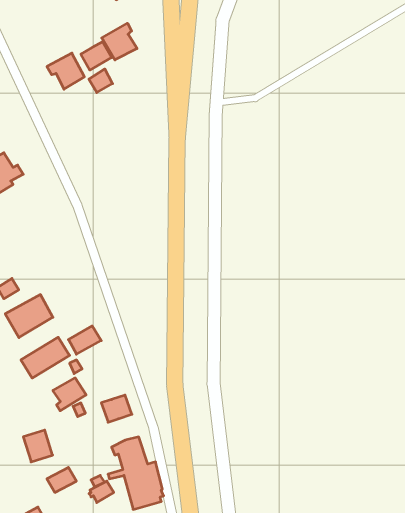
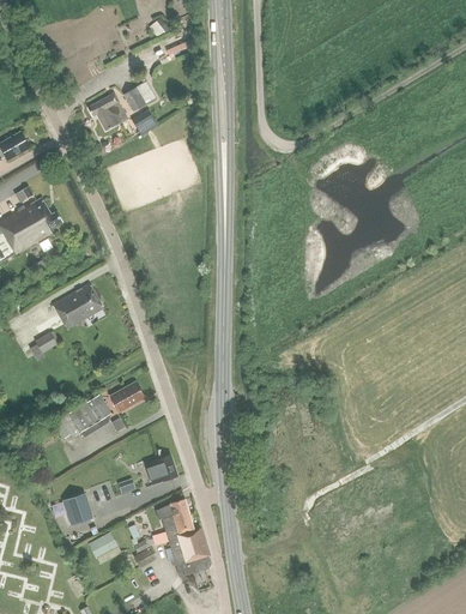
building: [102,23,137,60] -> none
building: [5,295,53,338] -> [52,283,102,329]
building: [53,378,86,411] -> none

